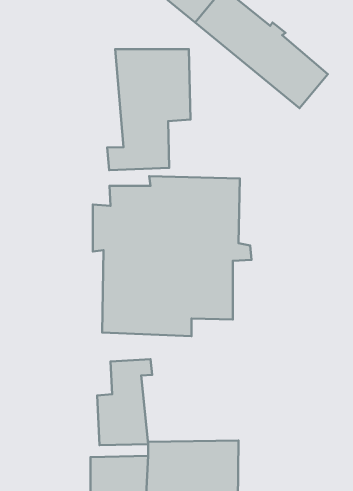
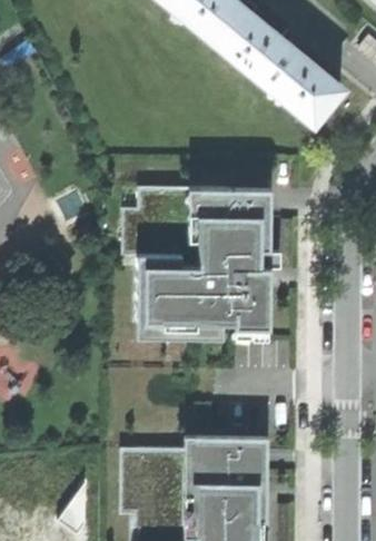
building: [107,49,191,170] -> none
building: [97,359,152,445] -> none

